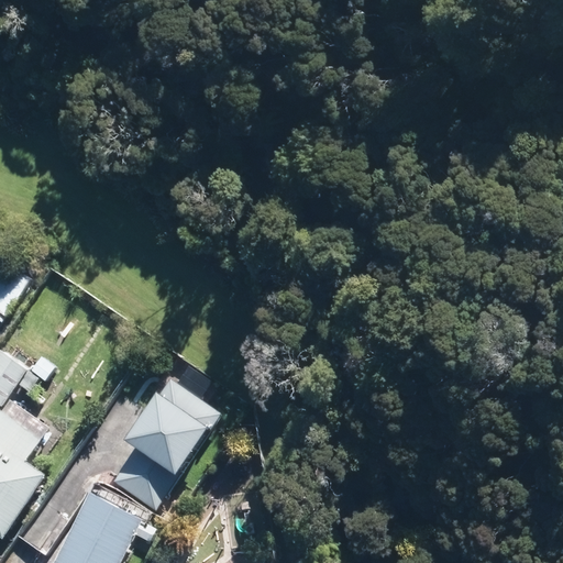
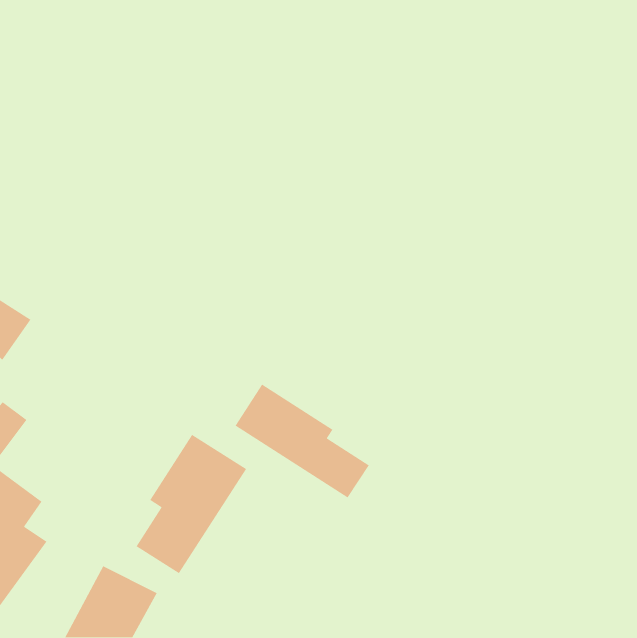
building: none -> [234,383,370,499]

